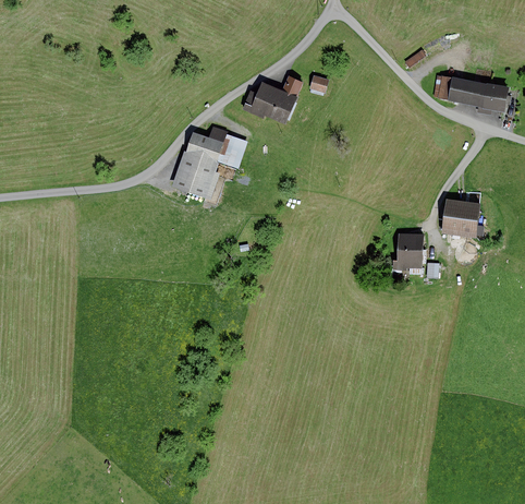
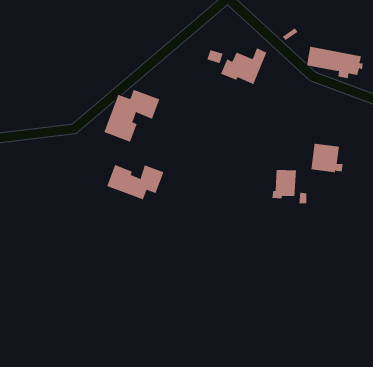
building: [241,75,302,123] -> [220,48,267,85]
building: none -> [107,164,164,200]

